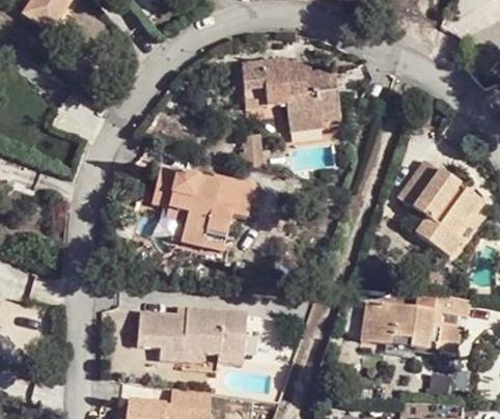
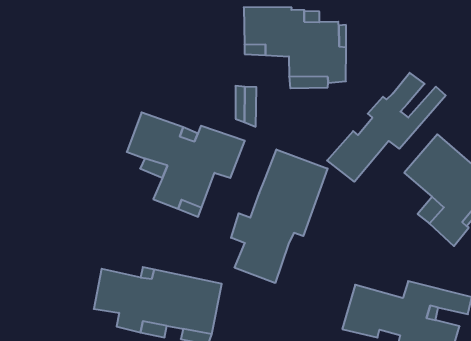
building: none -> [327,73,446,182]
building: none -> [231,149,328,283]

